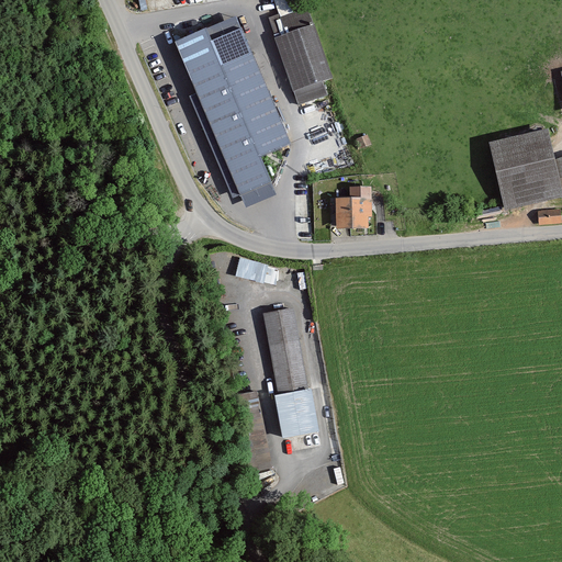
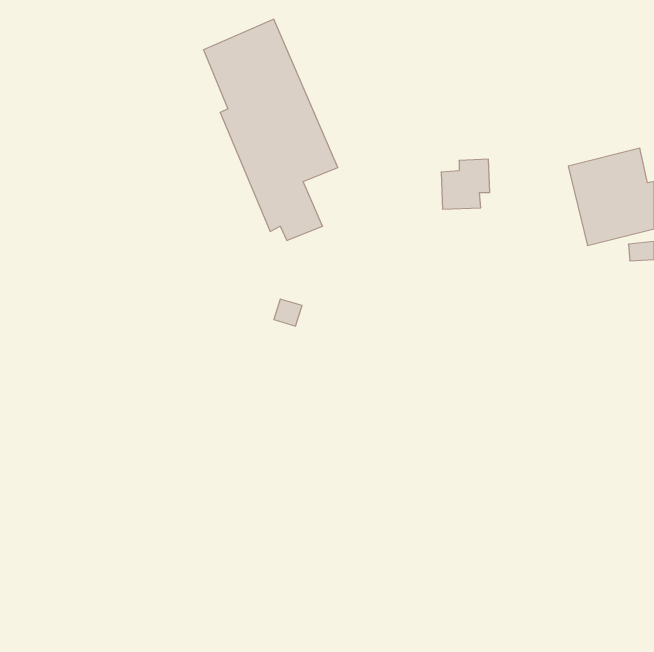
building: [276,9,331,104] -> none
building: [335,186,376,228] -> [441,159,490,209]
building: [261,300,319,438] -> none

